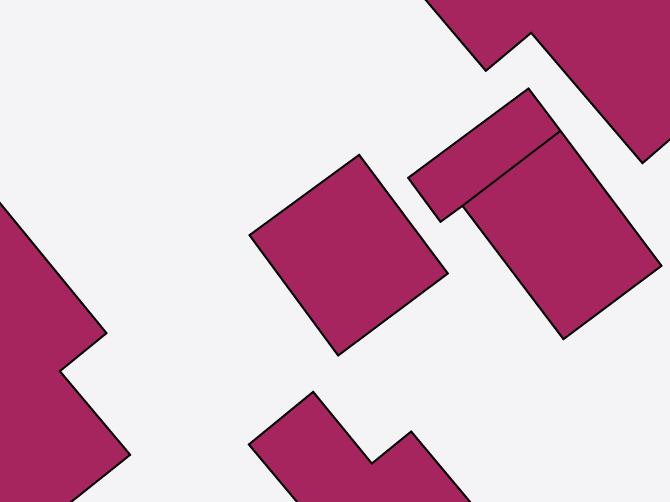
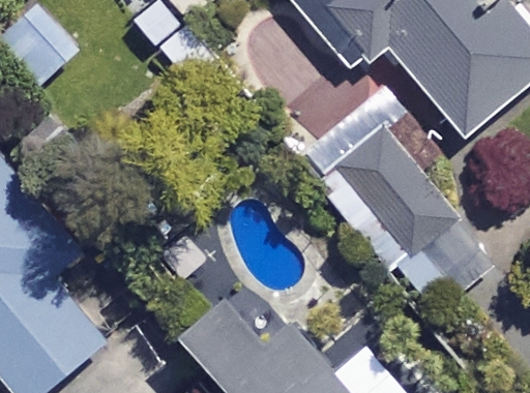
building: [250,155,448,355] -> none

